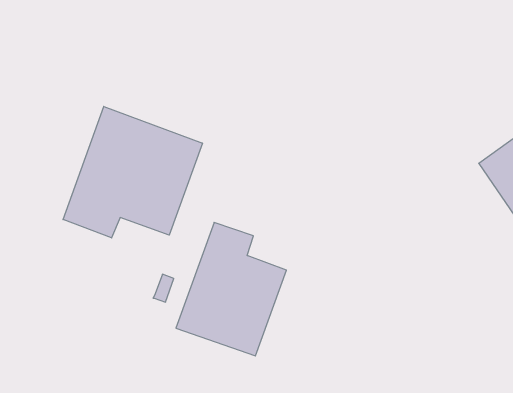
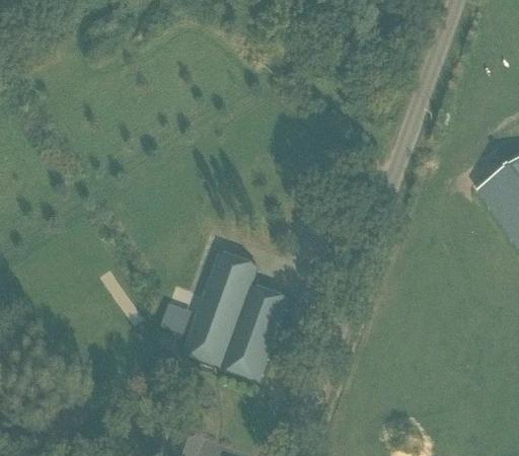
building: [63,106,202,238] -> none

